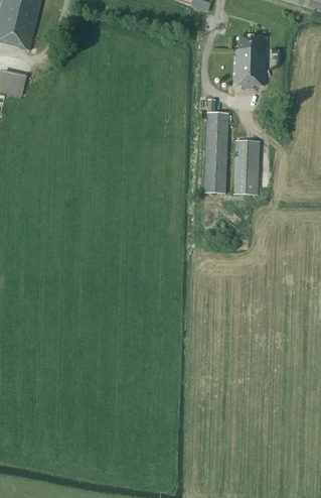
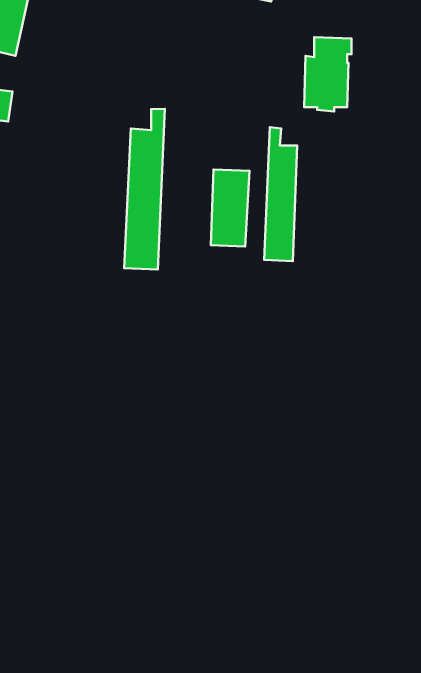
building: none -> [124,109,165,270]
building: [232,140,260,195] -> [211,169,249,247]

